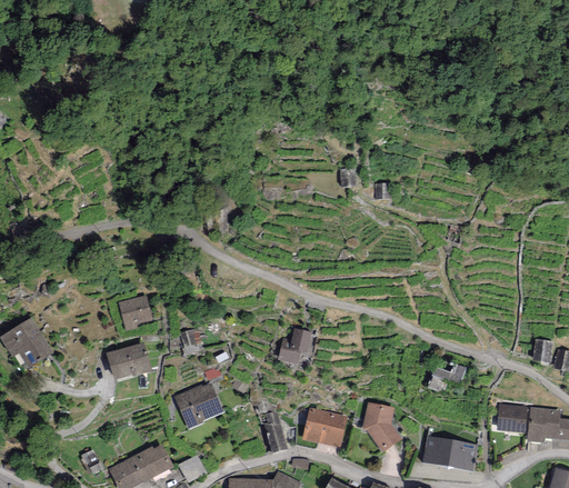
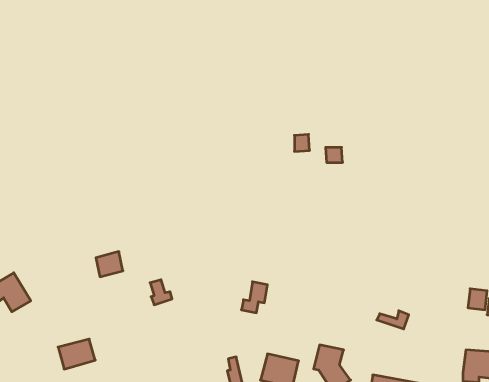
building: [108,346,149,379] -> [58,339,95,369]
building: [176,386,221,427] -> none
building: [496,402,530,431] -> none

